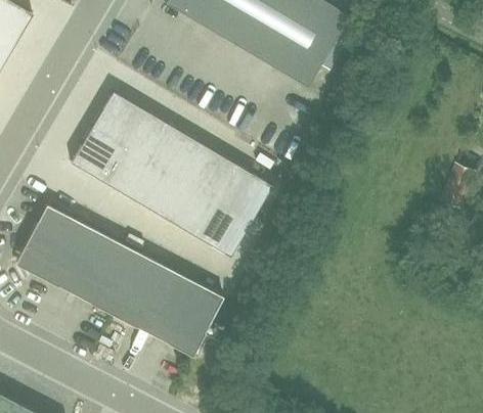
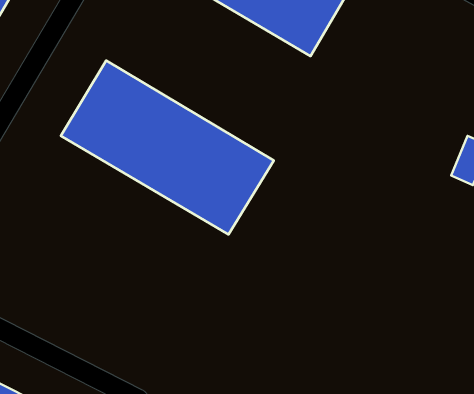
building: [23,204,223,357] -> none

